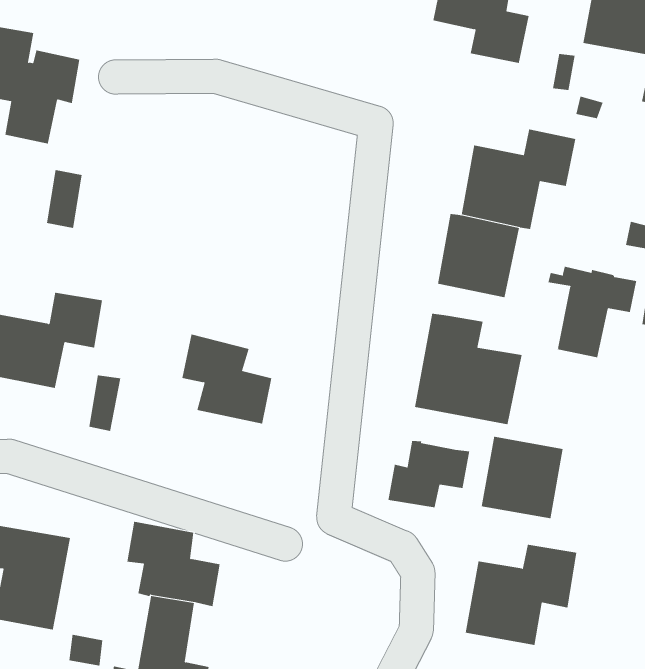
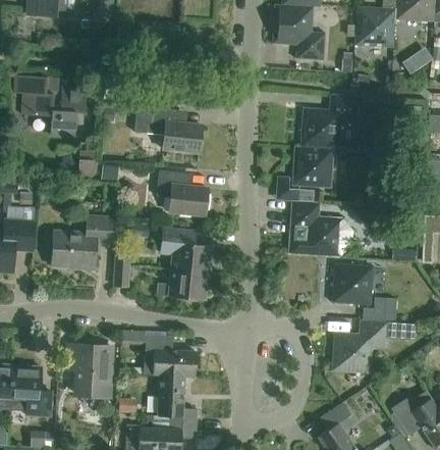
building: none -> [133,106,203,154]
building: none -> [157,171,208,215]
building: none -> [277,177,314,202]
building: [548,266,637,358] -> none
building: none -> [157,270,209,300]
building: [388,440,470,508] -> none
building: none -> [363,297,396,321]

